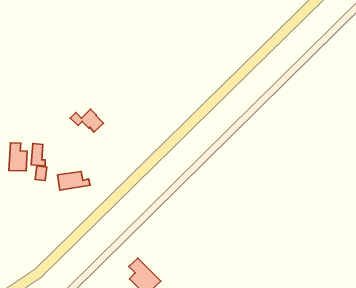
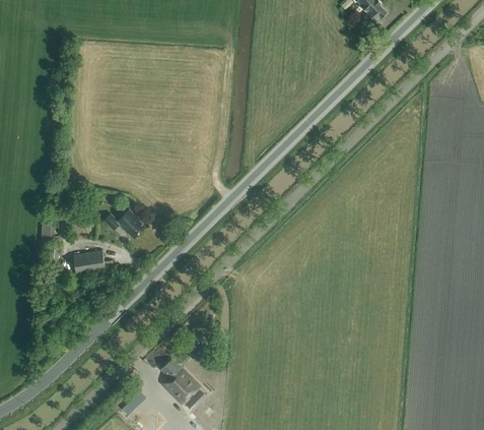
building: [70,109,104,132] -> [103,208,145,237]
building: [9,143,27,171] -> none

